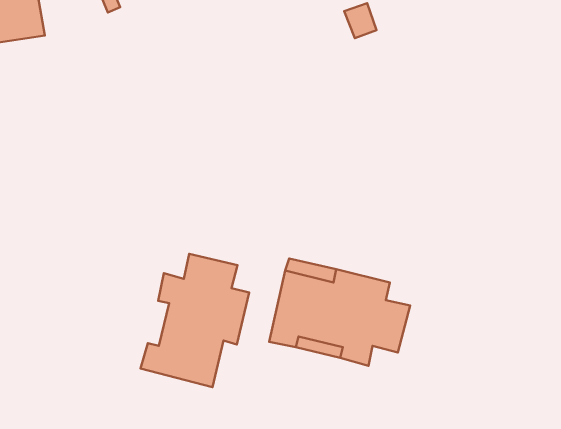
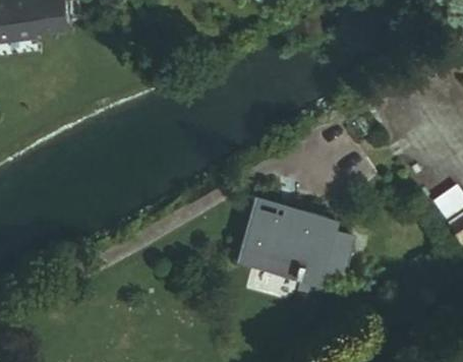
building: [140,254,249,387] -> none

